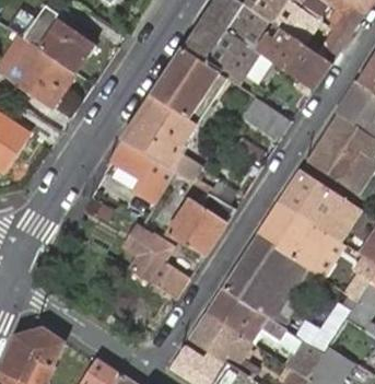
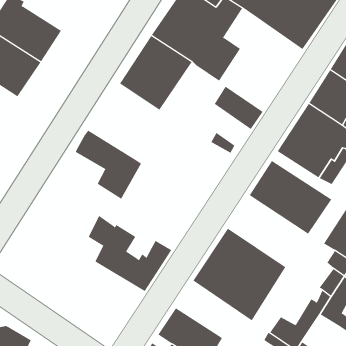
building: [254,21,330,89] -> none
building: [121,94,198,181] -> none
building: [168,193,235,256] -> none
building: [257,202,343,278] -> none
building: [207,286,288,339] -> none

